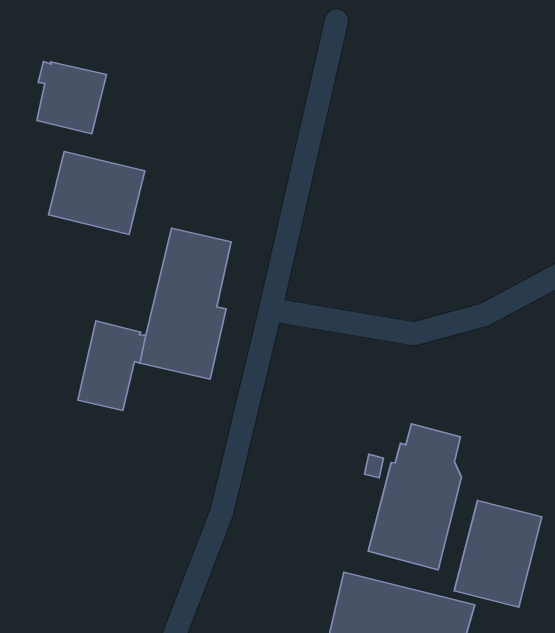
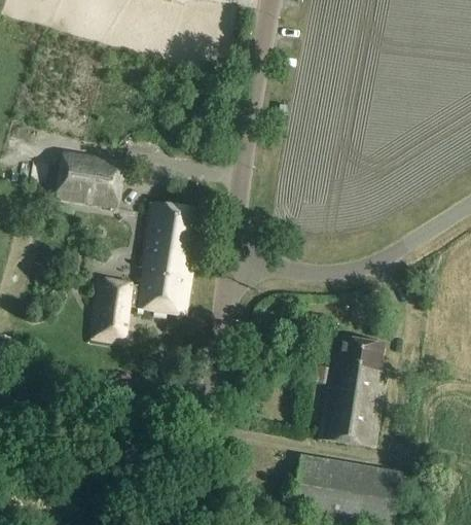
building: [37,62,106,134] -> none
building: [454,500,542,607] -> none

